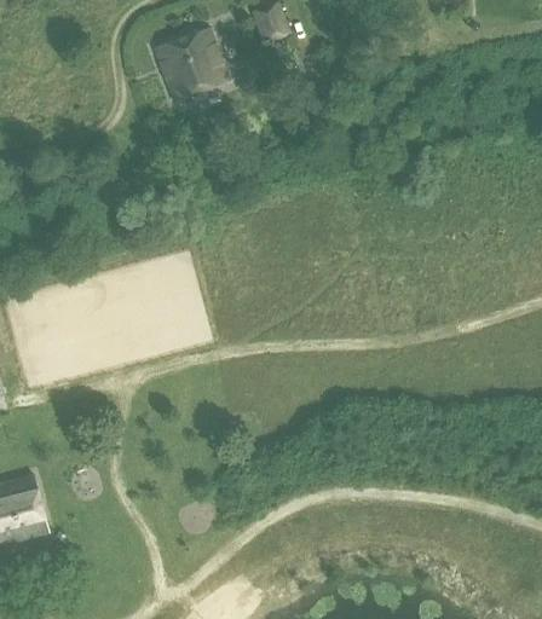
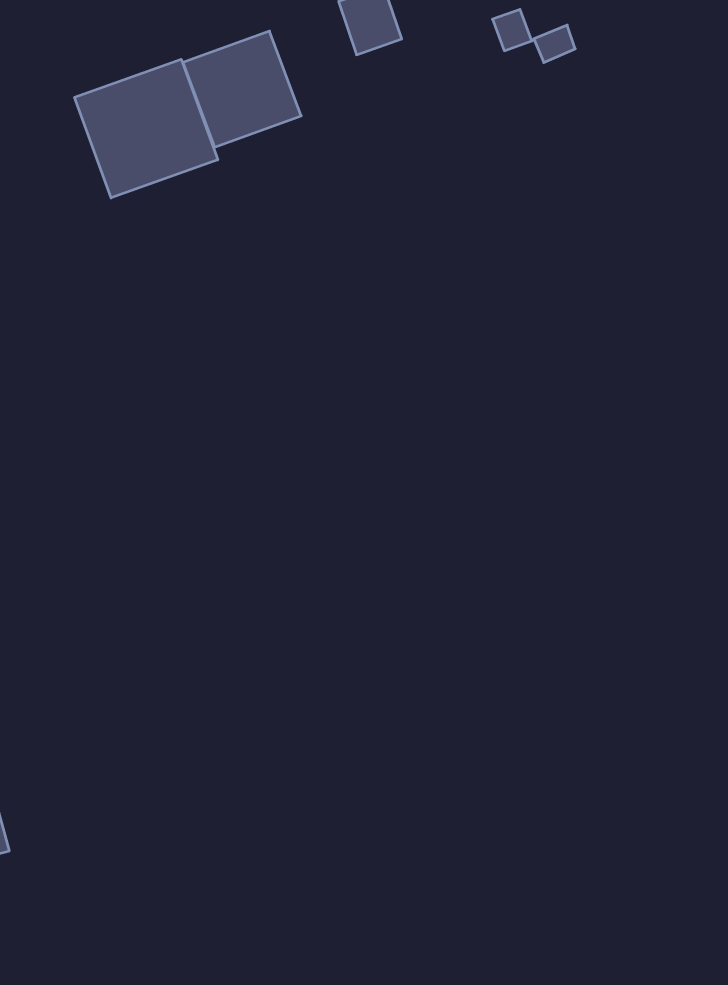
building: none -> [75,59,218,198]

